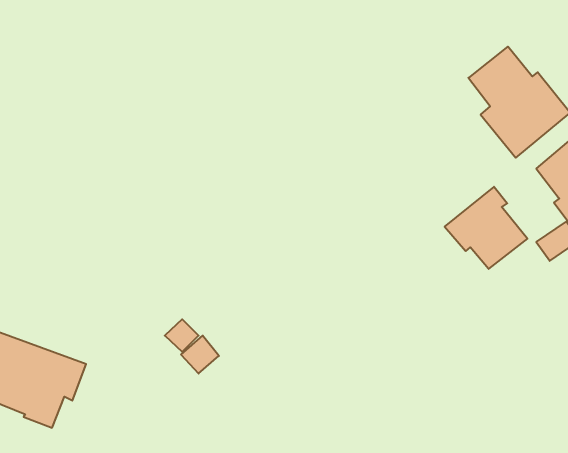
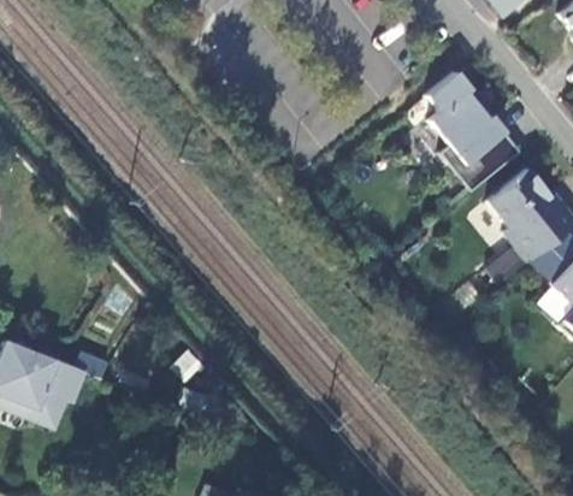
building: [445,187,527,269] -> none

